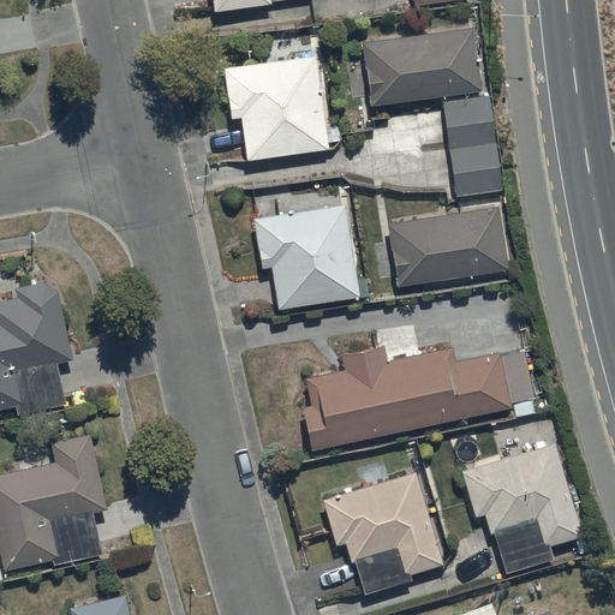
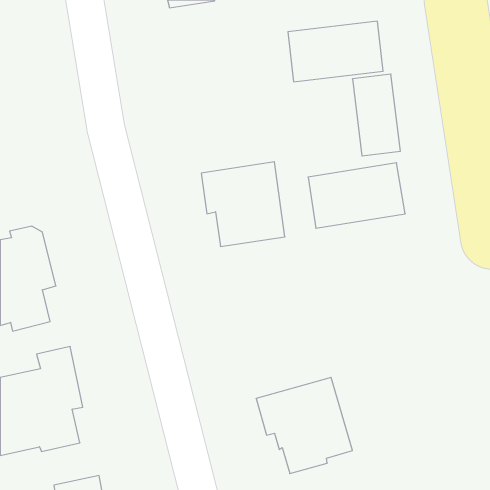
building: [222,58,335,160] -> none
building: [301,346,535,449] -> none
building: [460,444,580,574] -> none

